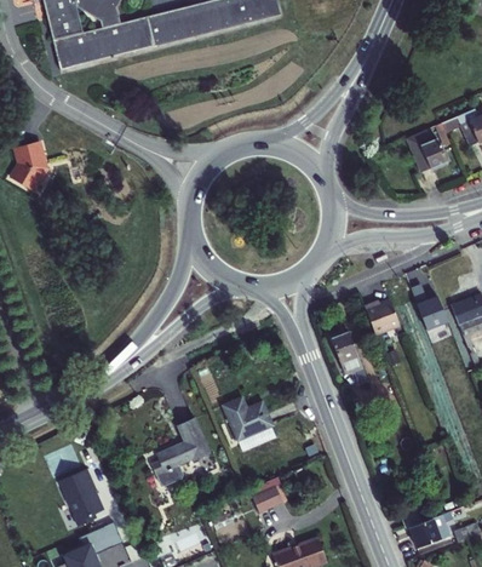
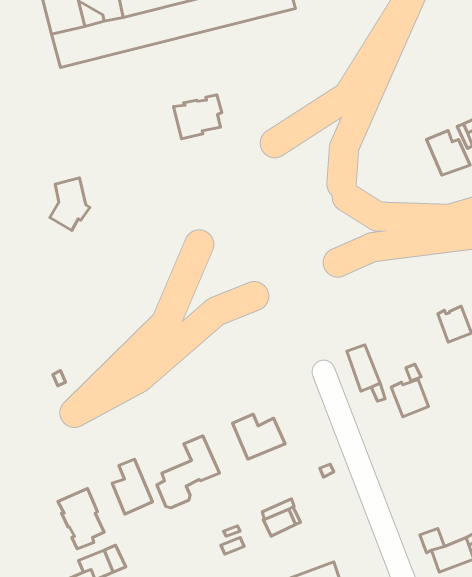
building: none -> [174,95,222,139]
building: [11,141,48,190] -> [50,178,90,230]
building: [365,299,400,334] -> [391,380,428,417]
building: none -> [112,459,152,514]

